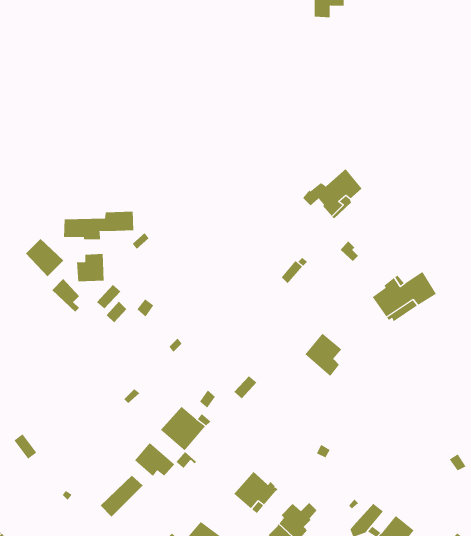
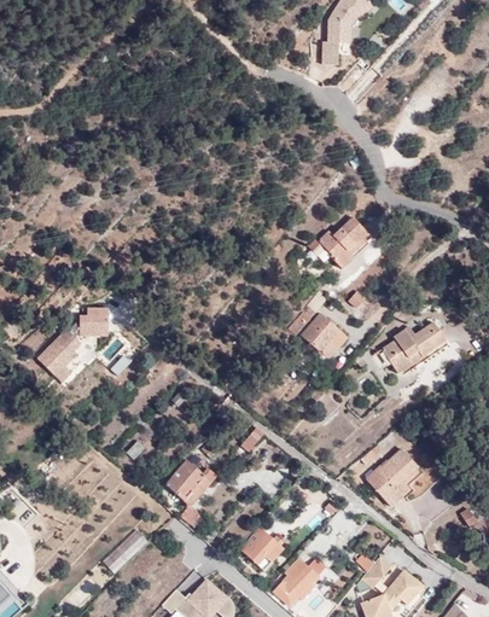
building: [63,211,134,240] -> none
building: [25,238,64,277] -> [37,342,77,382]
building: [304,333,342,377] -> [301,314,339,359]
building: none -> [366,450,421,507]
building: [134,442,175,477] -> none

